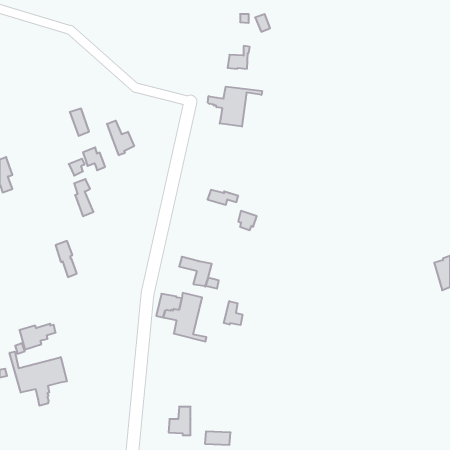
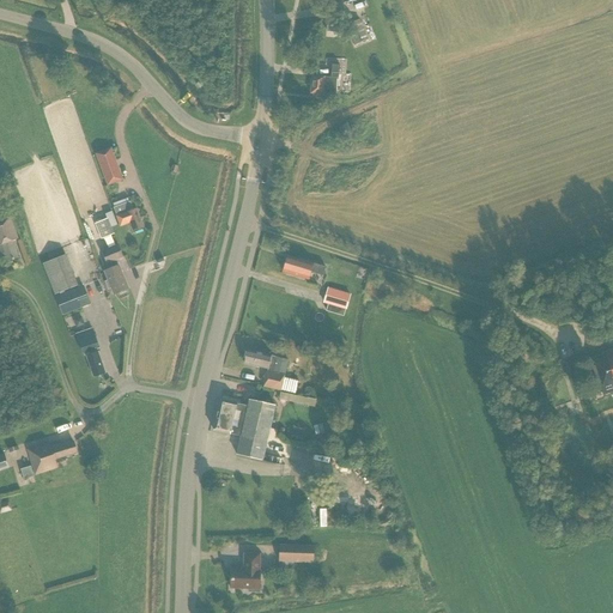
building: [208,87,262,127] -> none
building: [107,121,134,155] -> none
building: none -> [42,253,89,314]
building: [224,301,242,325] -> none
building: [10,352,67,406] -> none
building: [205,431,231,445] -> [278,544,312,562]

